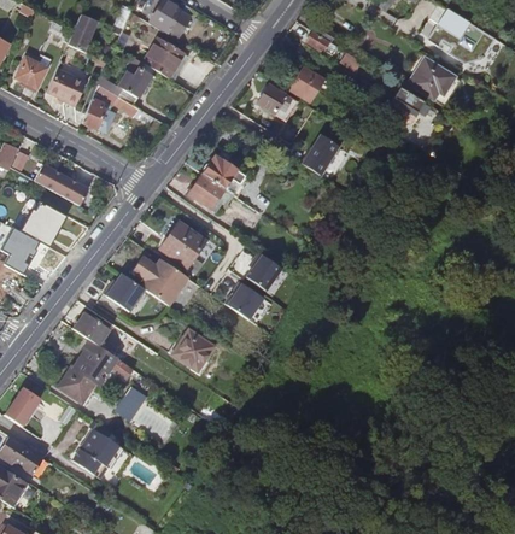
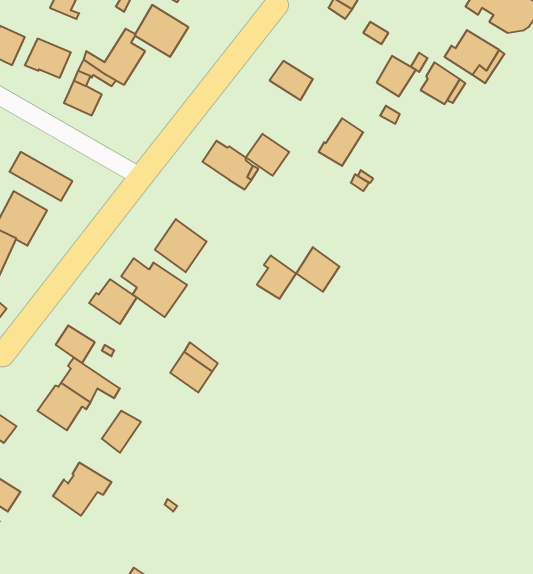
building: [289,66,323,101] -> [377,56,416,96]
building: [186,172,223,209] -> [246,134,289,176]
building: [226,282,263,321] -> [296,247,340,292]

